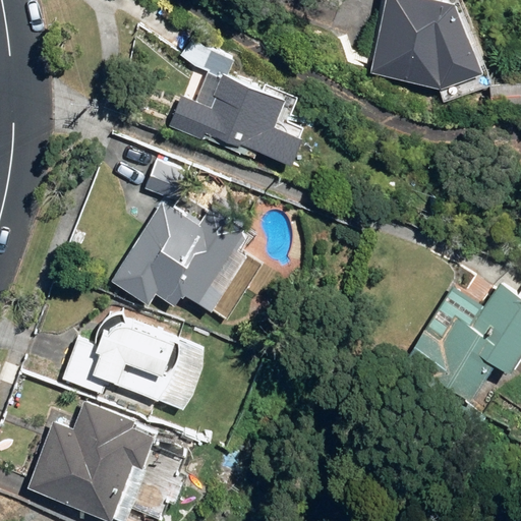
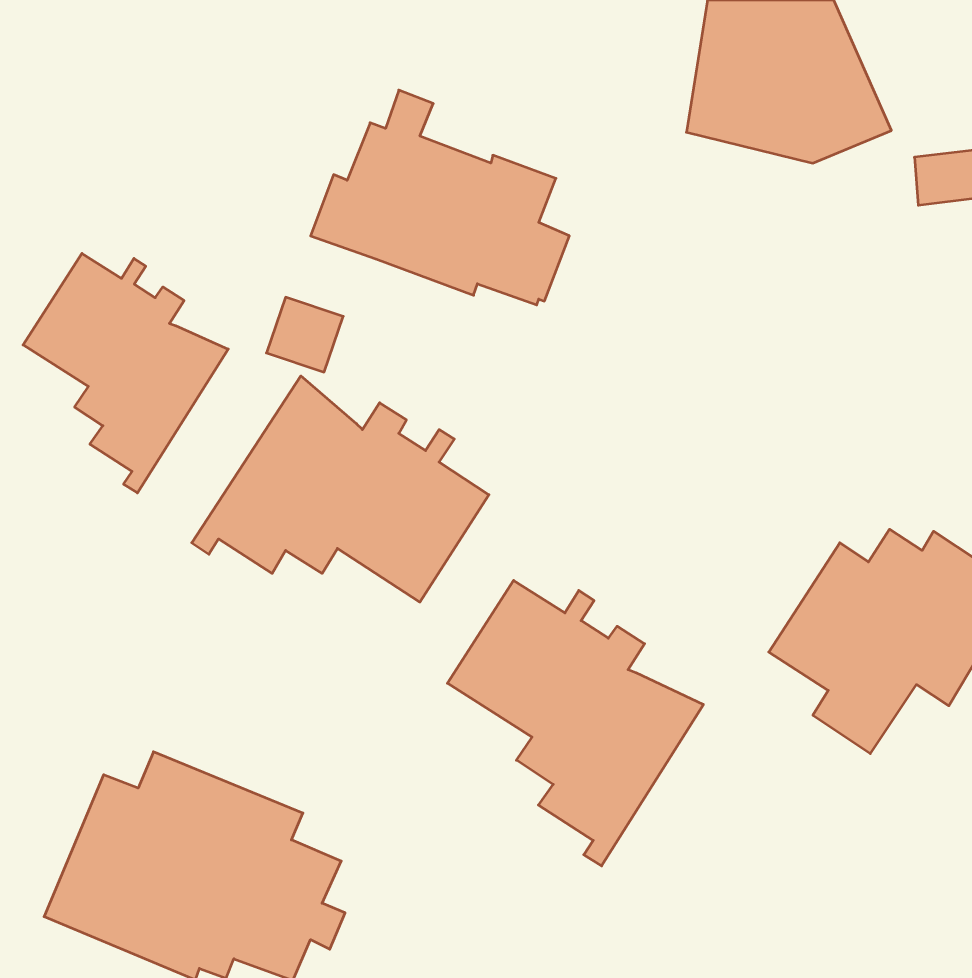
building: none -> [23,253,228,493]
building: none -> [447,580,703,866]
building: [61,316,207,412] -> none

